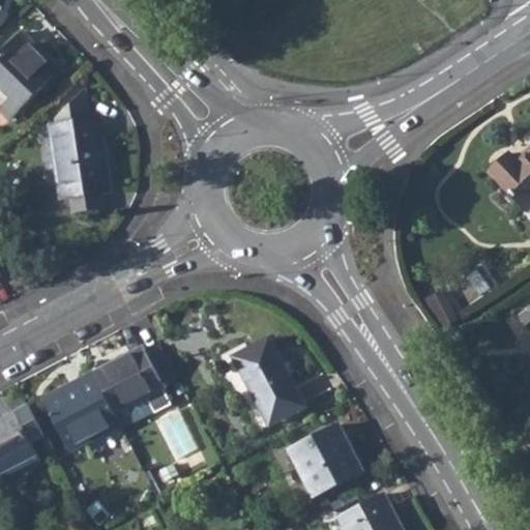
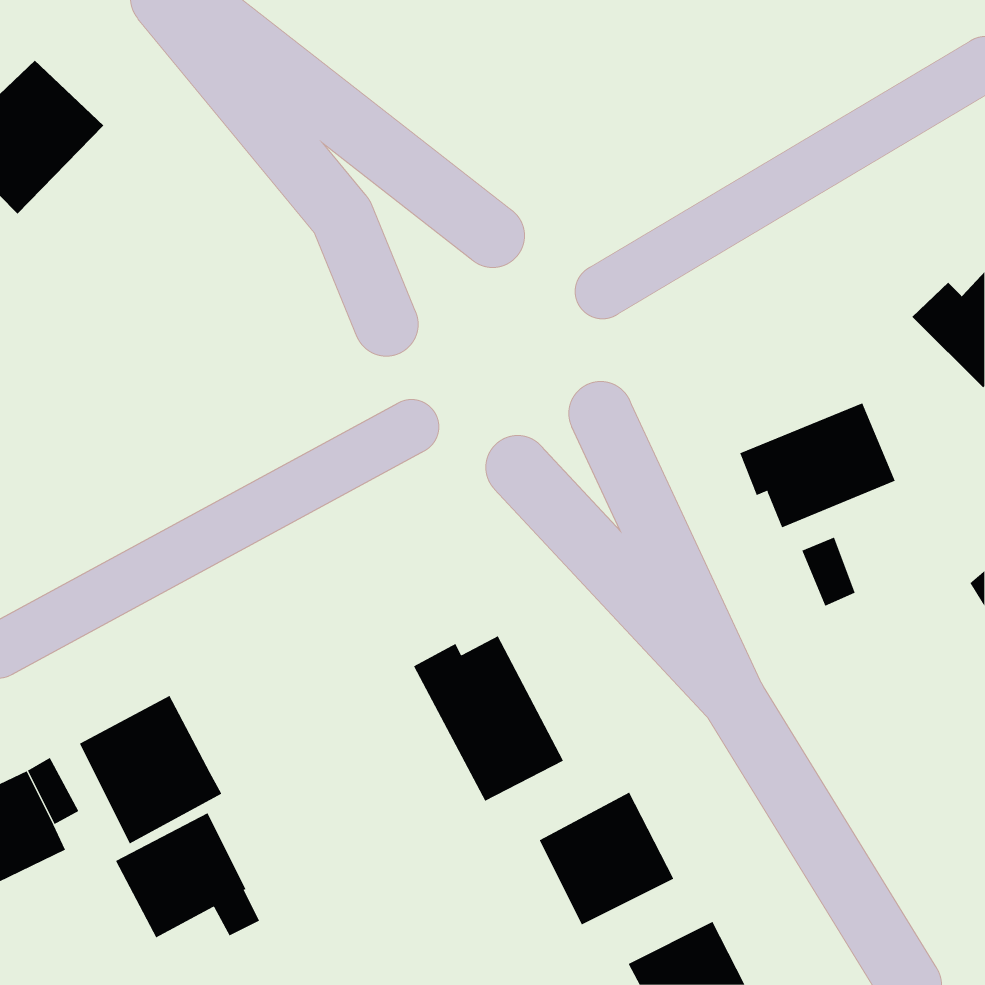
building: [51,117,111,212] -> none
building: none -> [739,403,896,528]
building: [91,347,169,414] -> [115,813,260,938]

